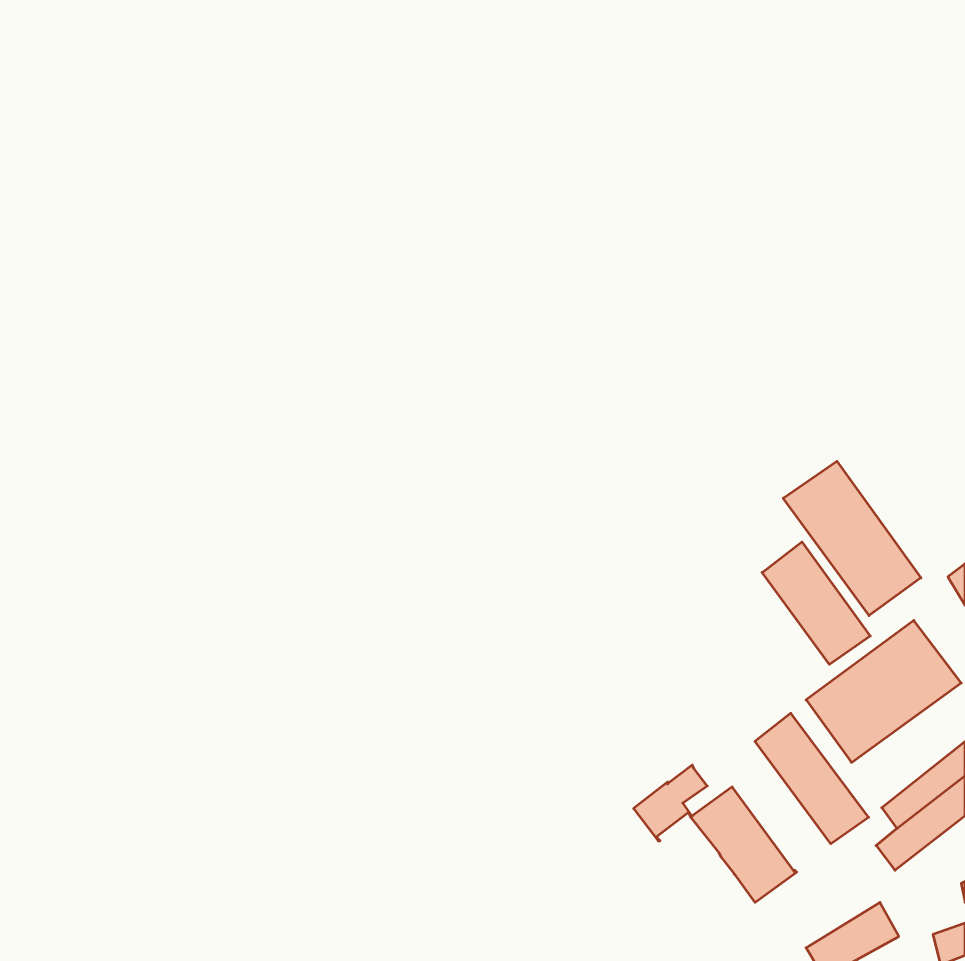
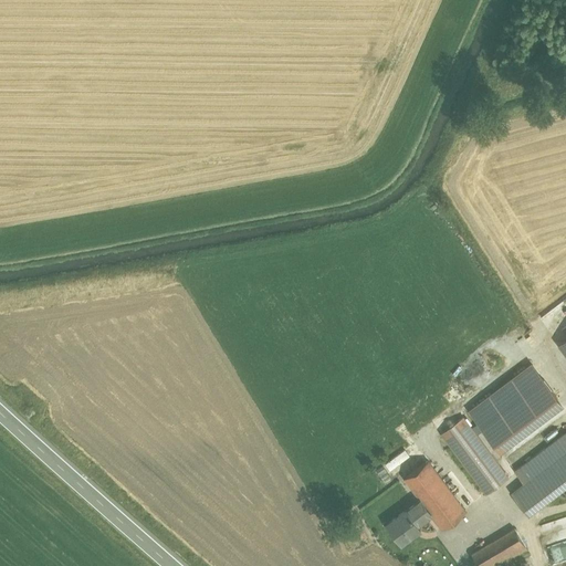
building: [783,461,921,616] -> none
building: [762,542,870,664] -> none
building: [634,765,707,841] -> [386,502,429,546]

